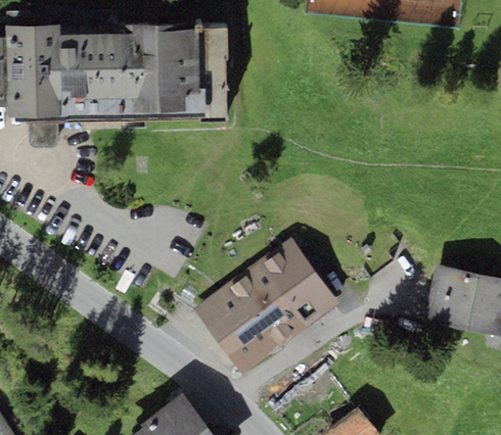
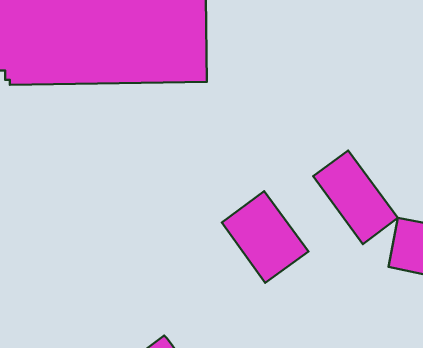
building: none -> [313,150,398,244]
building: [192,271,291,374] -> none

